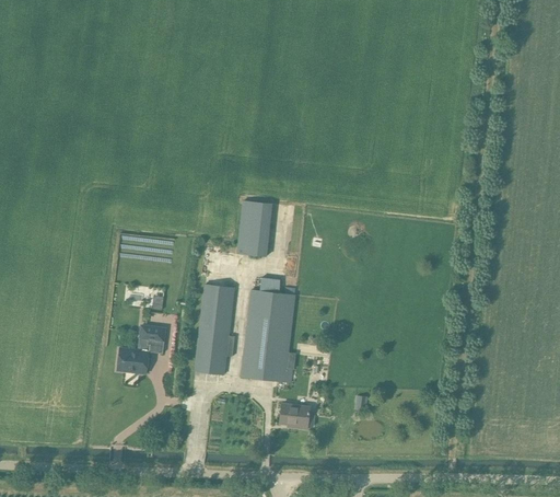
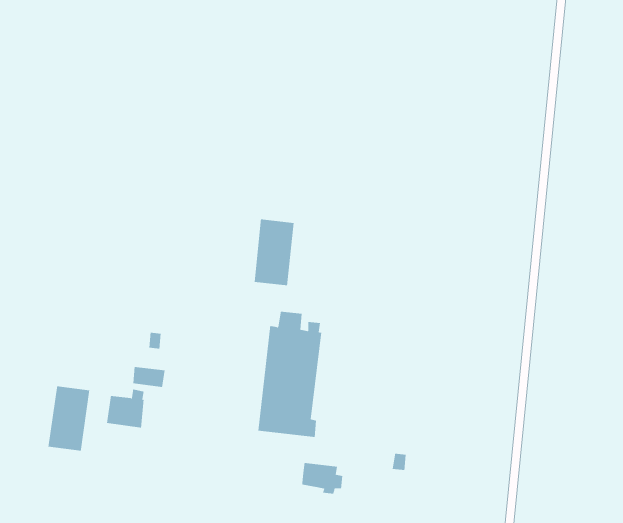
building: [195,285,234,374] -> none
building: none -> [48,386,90,452]

